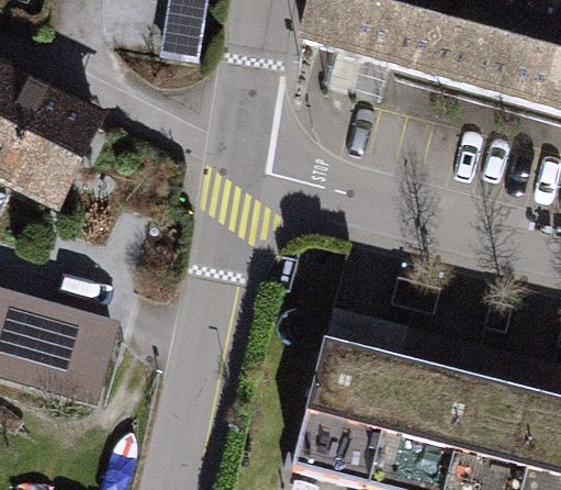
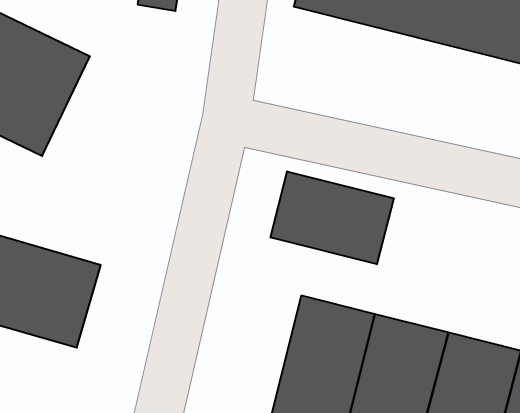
building: none -> [270,171,394,264]

